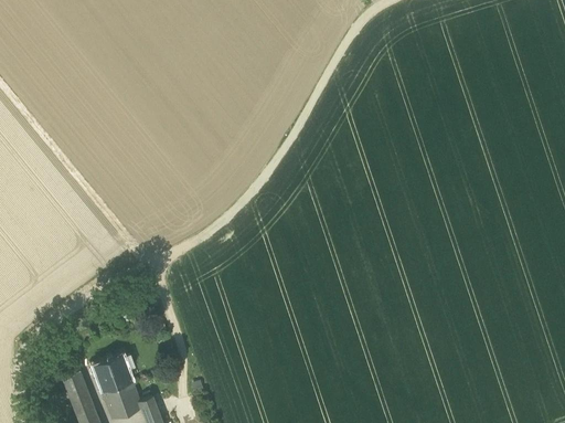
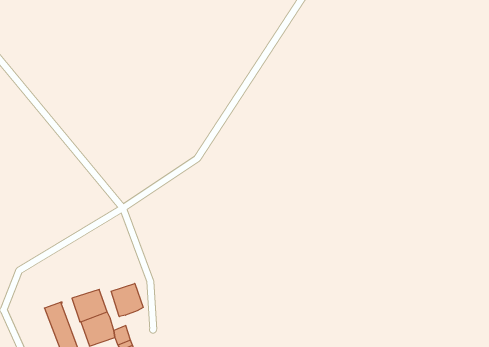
building: none -> [111,283,143,317]

